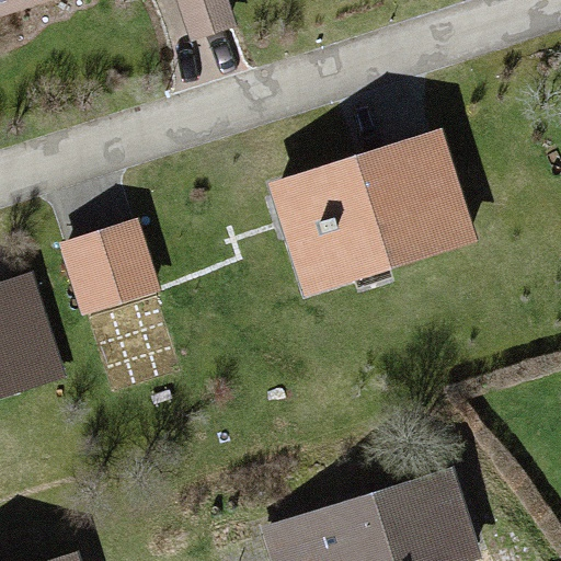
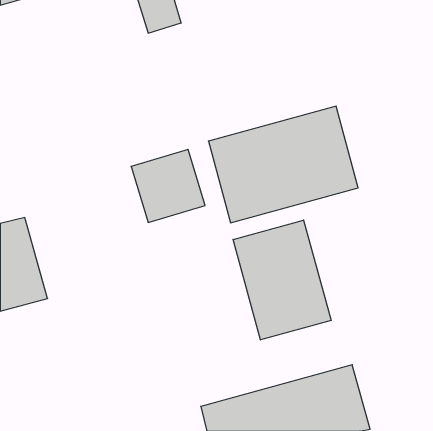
building: [59,222,154,317] -> [131,149,205,222]
building: none -> [233,220,331,340]

